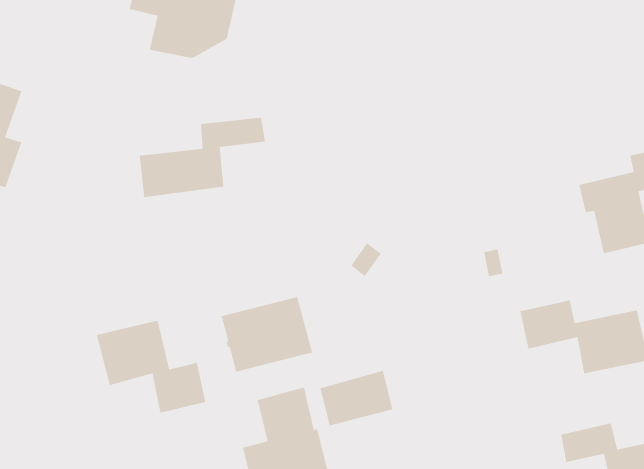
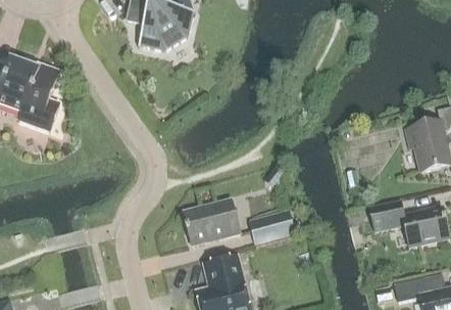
building: [139,117,265,198] -> none
building: [96,320,206,414] -> none
building: [319,370,393,426] -> [249,208,295,242]

